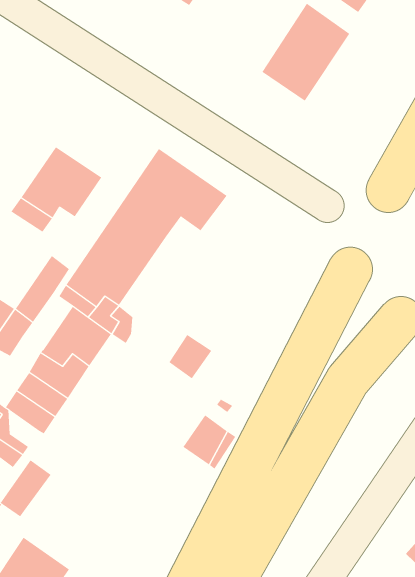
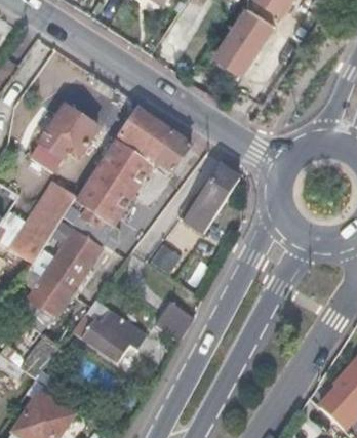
building: none -> [185,165,240,234]
building: none -> [72,298,141,364]

